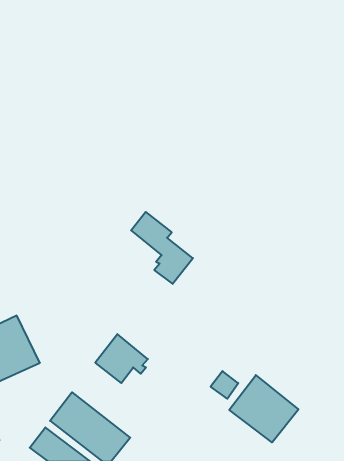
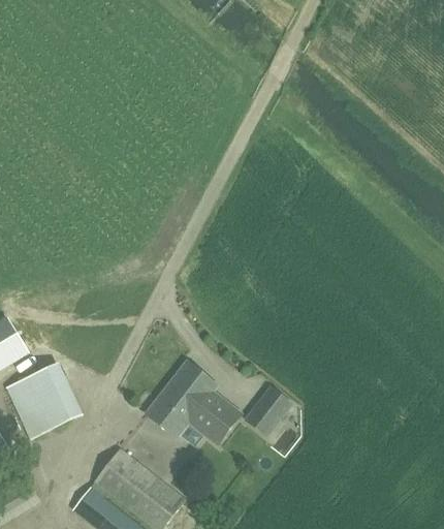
building: [131,212,193,284] -> [170,362,240,442]
building: none -> [246,387,290,435]
building: [229,375,298,442] -> none

